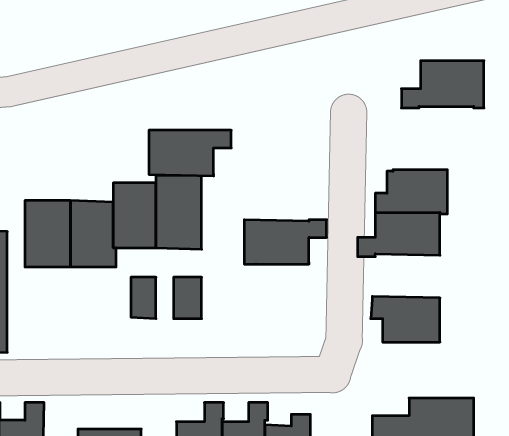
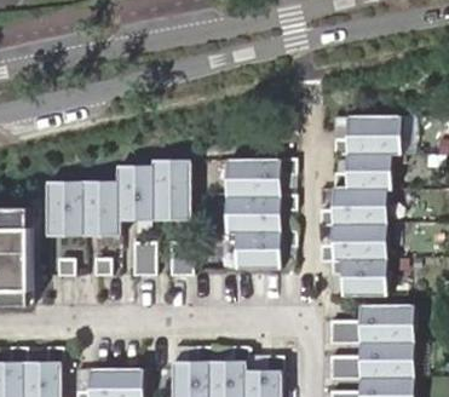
building: [401,61,484,108] -> [332,117,399,156]
building: [149,130,231,176] -> [224,160,292,197]
building: none -> [317,224,385,261]
building: none -> [232,231,289,269]
building: none -> [329,306,413,344]

